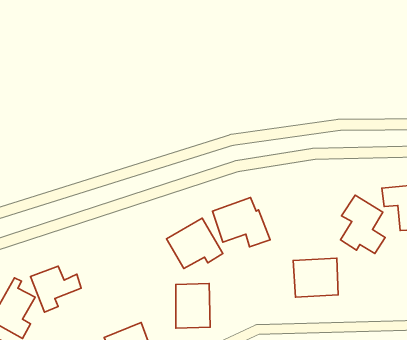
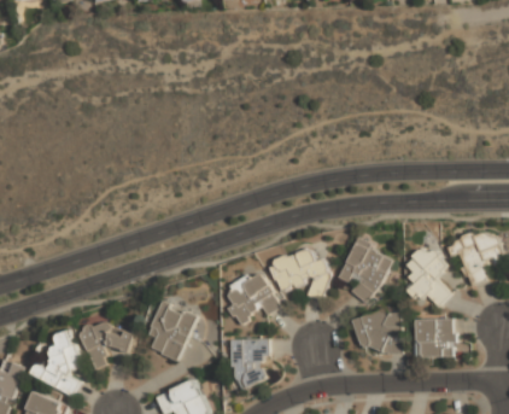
building: none -> [339,239,392,303]
building: none -> [147,302,195,361]
building: none -> [414,319,457,357]

